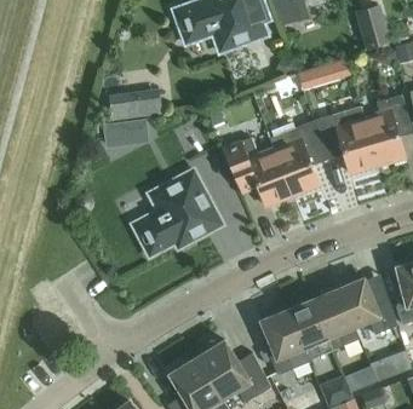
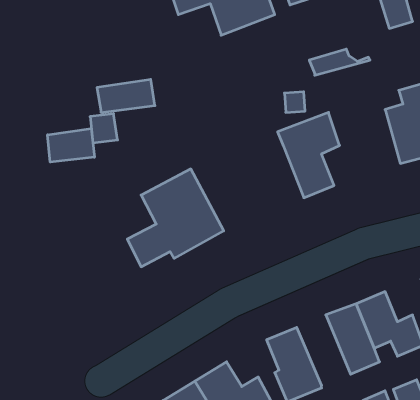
building: [314,111,377,174] -> none
building: none -> [48,128,94,162]
building: [222,138,292,207] -> none
building: [286,299,333,361] -> none

